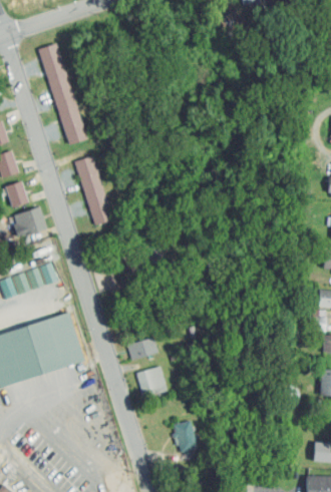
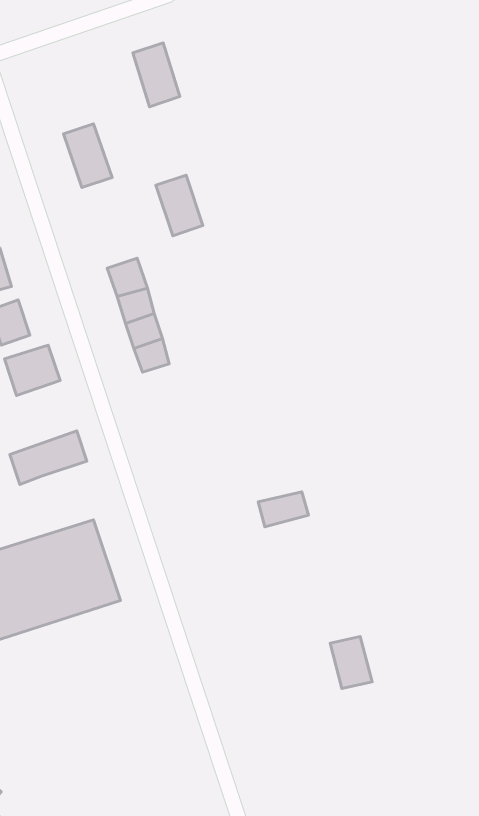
building: [38,44,66,82] -> [133,43,180,107]
building: [59,108,87,144] -> [156,175,203,236]
building: [127,339,157,360] -> [258,492,309,527]
building: [136,367,168,399] -> none
building: [174,422,199,453] -> [330,636,372,688]

